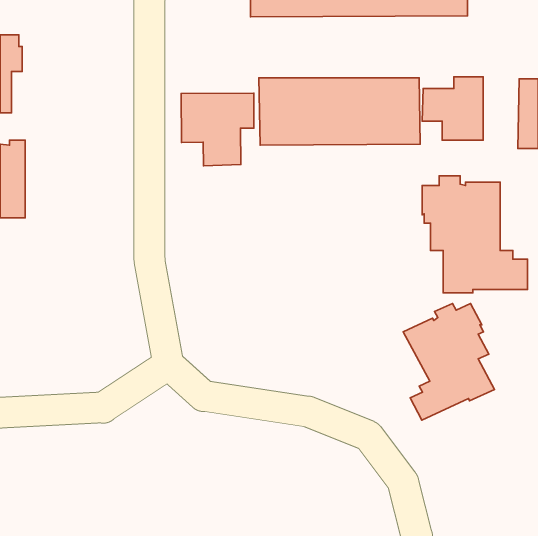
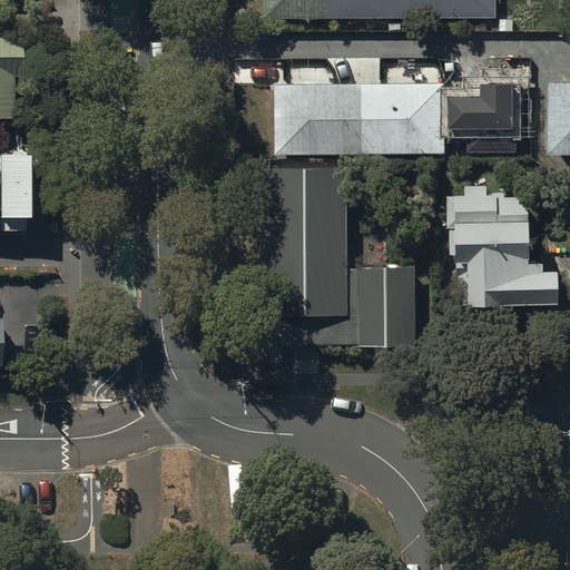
building: [181,93,254,166] -> none
building: none -> [264,169,414,346]
building: [403,303,495,420] -> none

